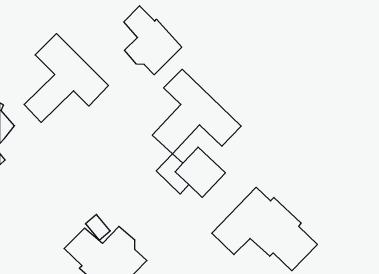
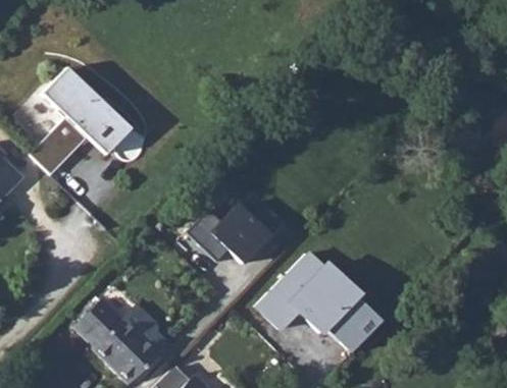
building: [124,6,182,75] -> none
building: [152,69,241,154] -> none

